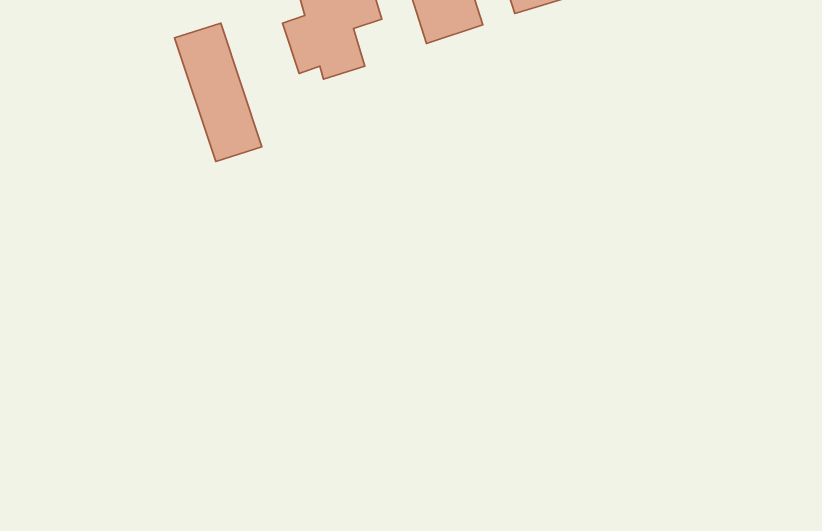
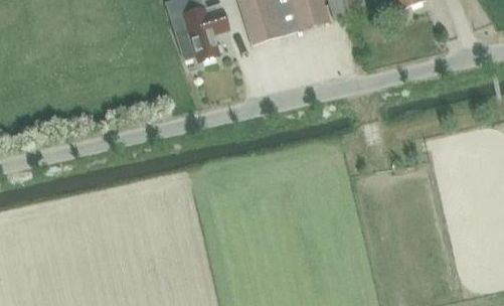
building: [175,23,262,162] -> none

